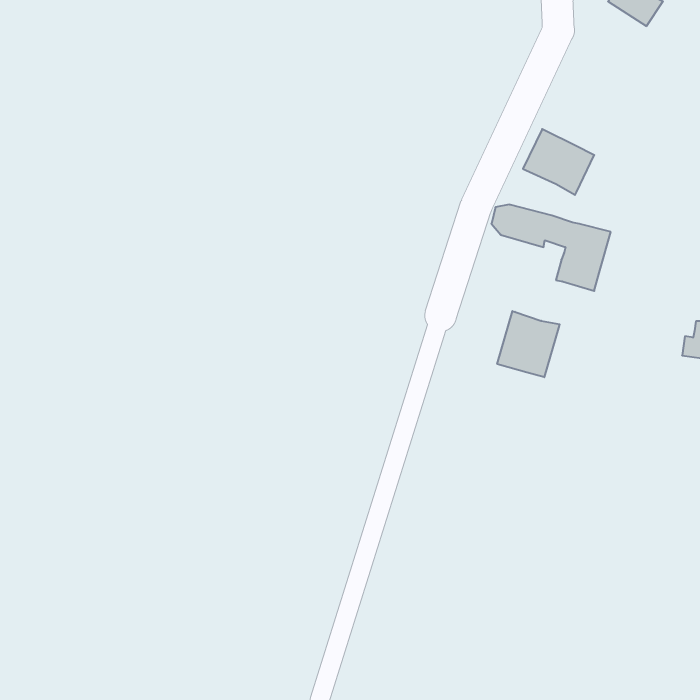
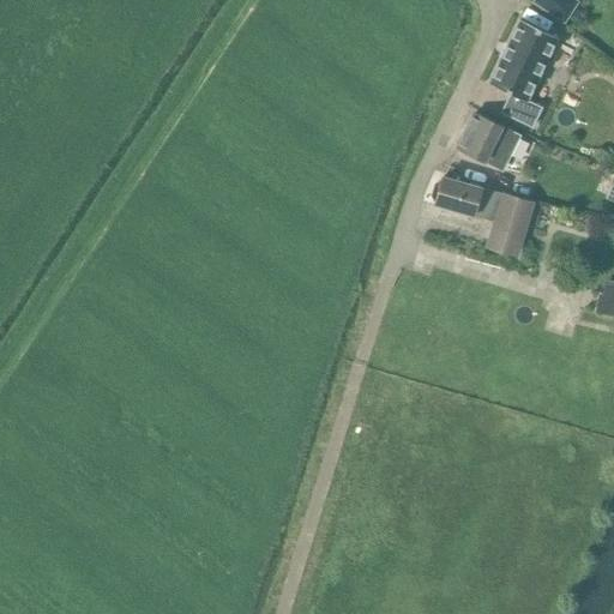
building: none -> [489,19,558,127]
building: [497,311,560,377] -> none

